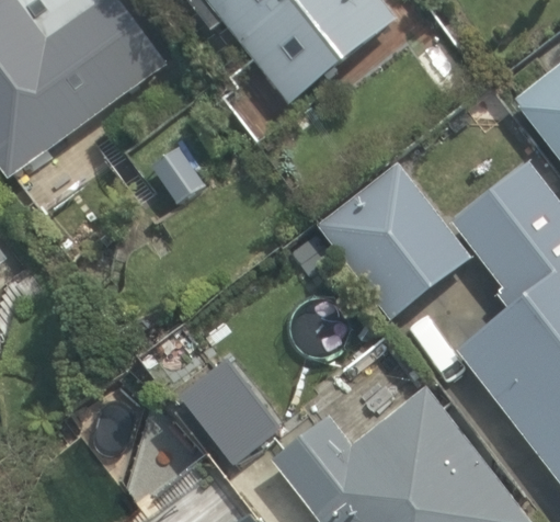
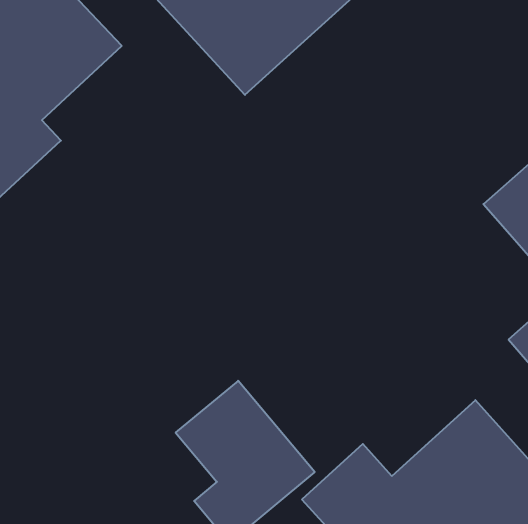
building: [312,152,475,319] -> none

